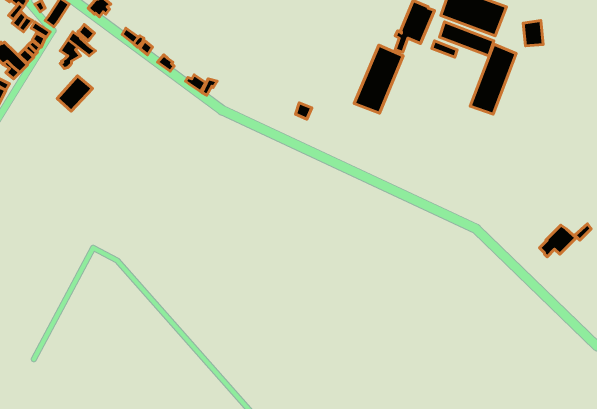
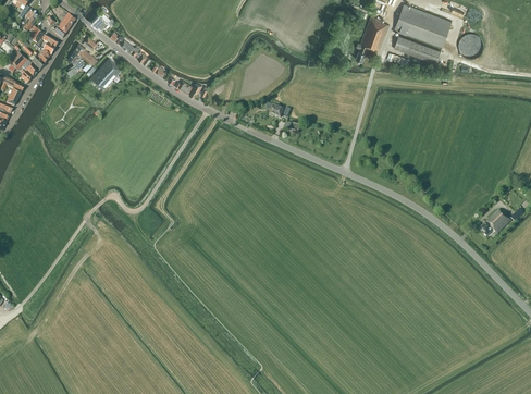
building: [470,44,516,114] -> none
building: [354,45,403,113] -> none
building: [57,76,93,111] -> [90,58,121,88]

